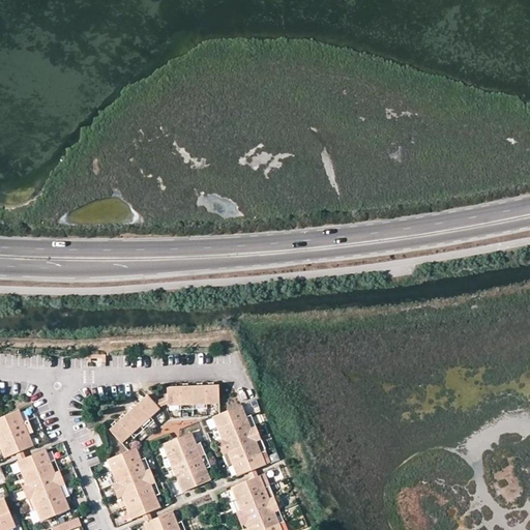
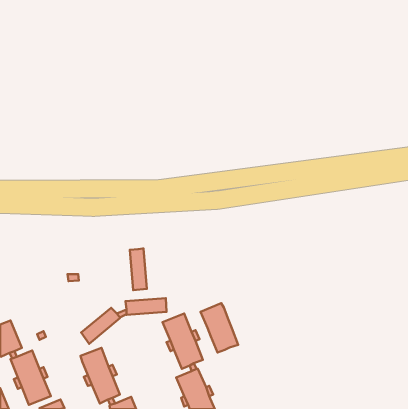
building: none -> [130,248,147,290]
building: none -> [201,303,238,353]
building: [163,432,210,491] -> none

